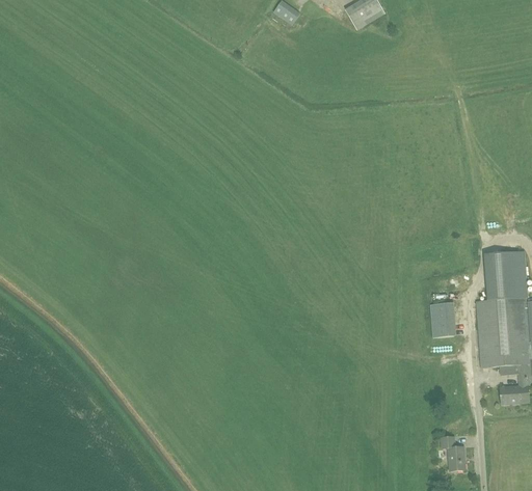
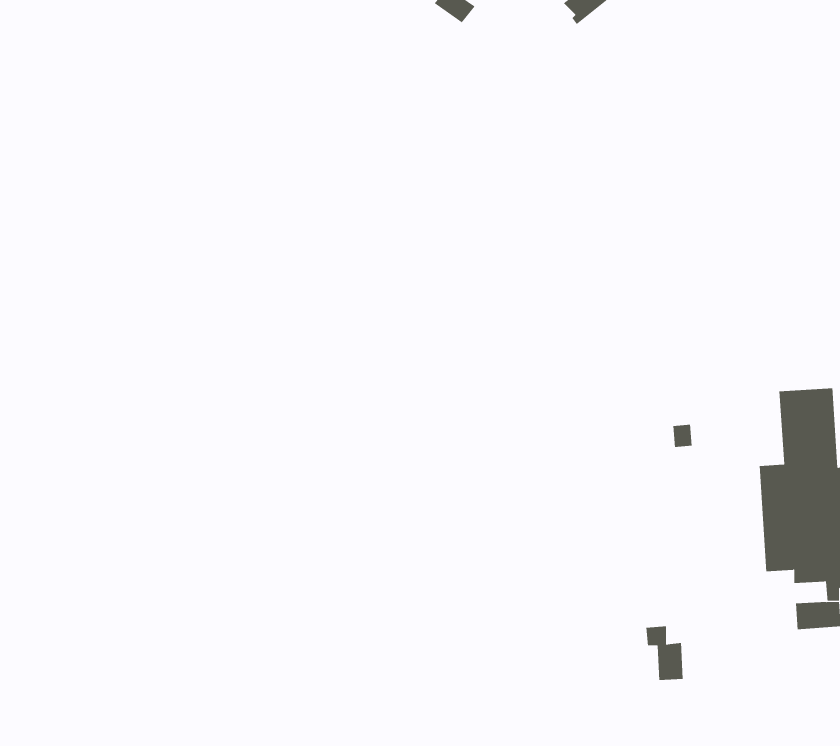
building: [430,301,453,335] -> none
building: [441,435,464,469] -> [645,626,684,681]

